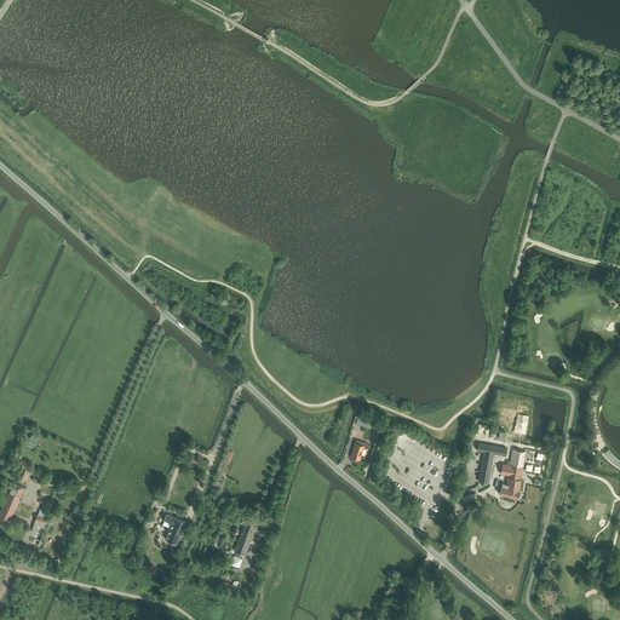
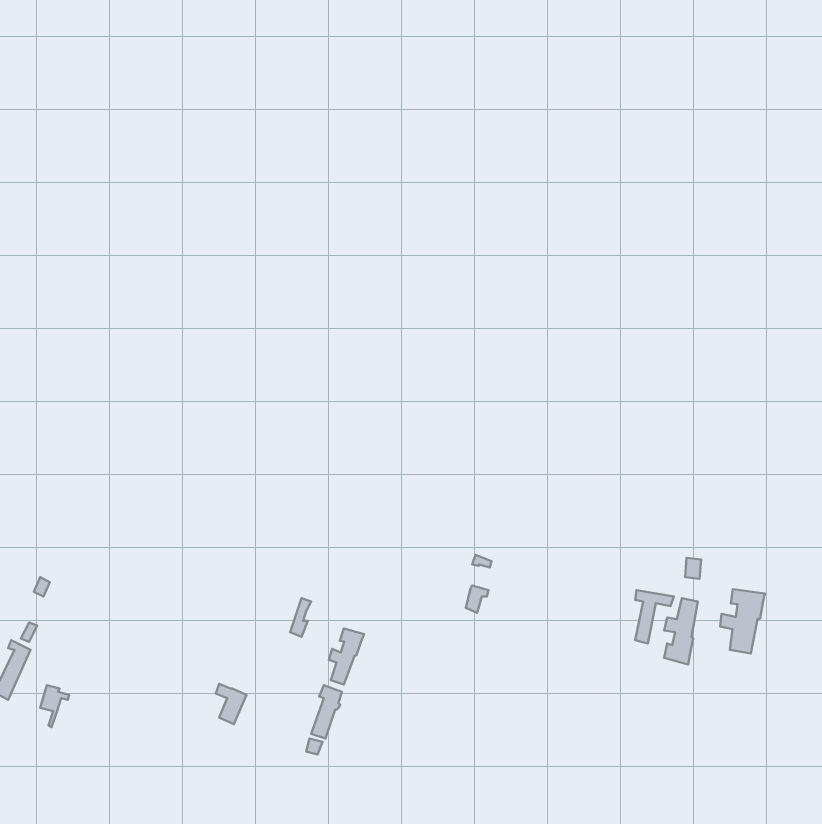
building: none -> [720,589,765,654]
building: none -> [329,629,364,685]

